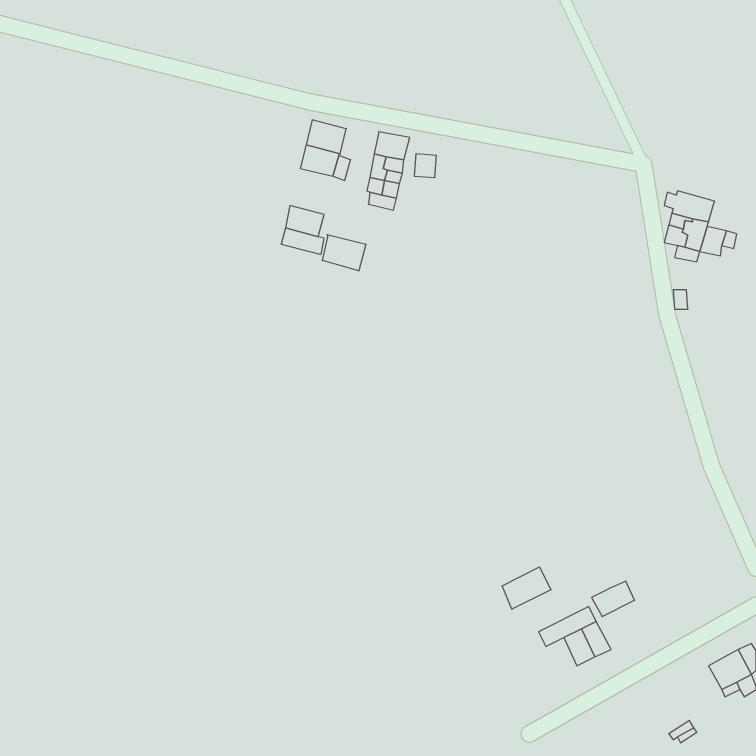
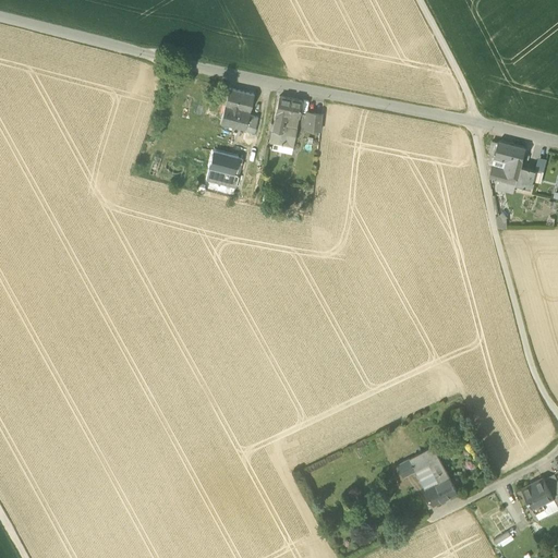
building: [323,235,366,271] -> none
building: [502,567,551,609] -> none
building: [592,581,635,617] -> [425,478,457,505]

